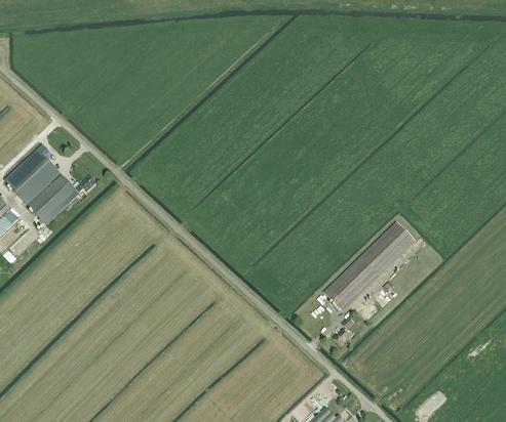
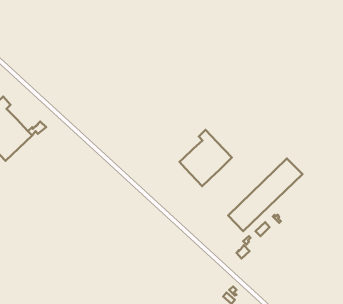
building: none -> [179,130,232,186]

